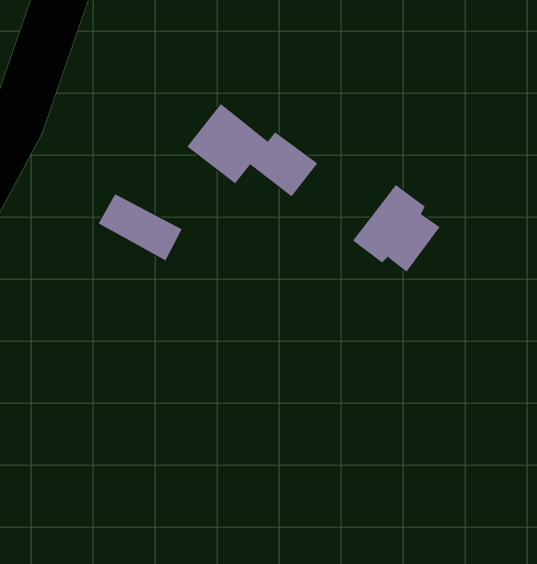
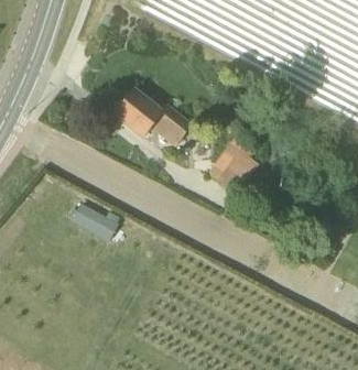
building: [98,193,183,261] -> [68,198,118,238]

